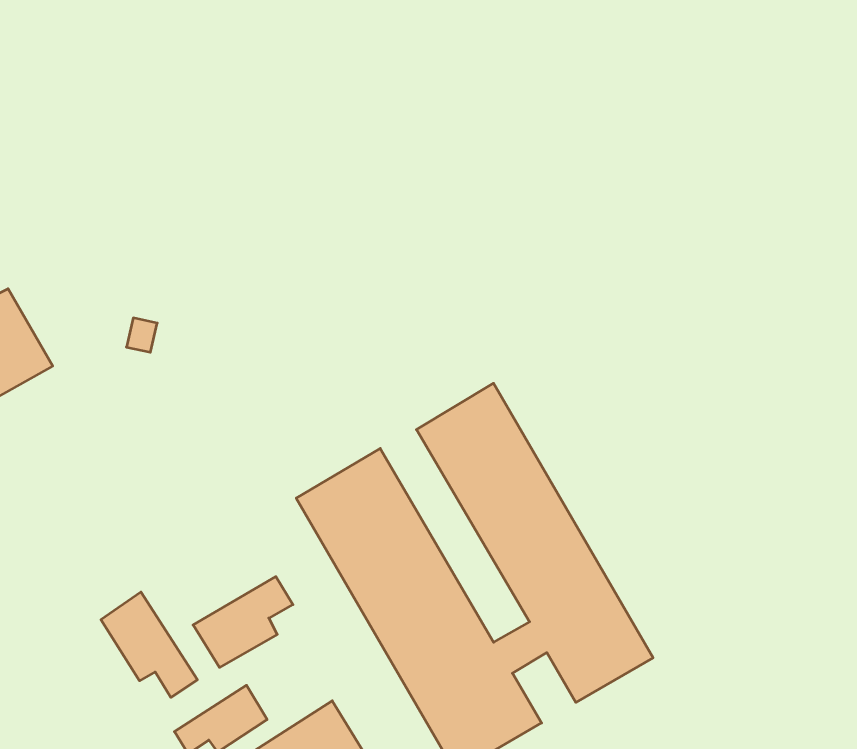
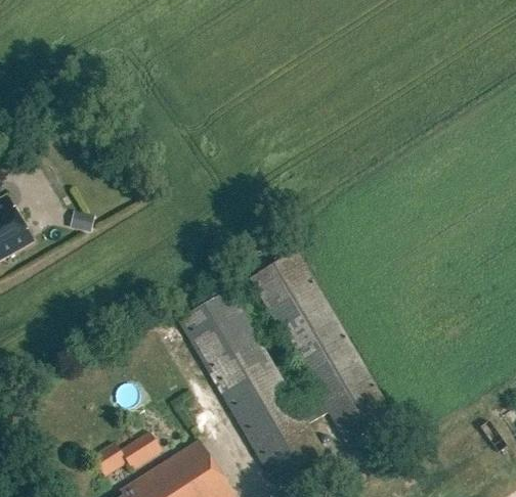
building: [193,577,293,667] -> none
building: [101,592,197,697] -> none

